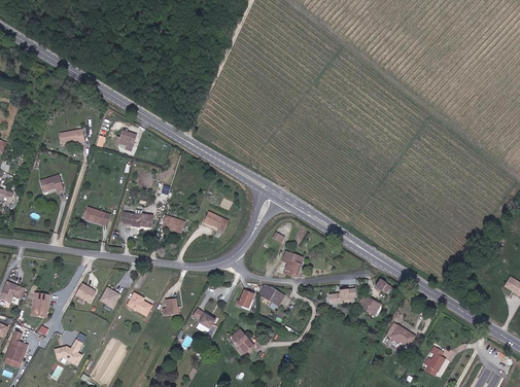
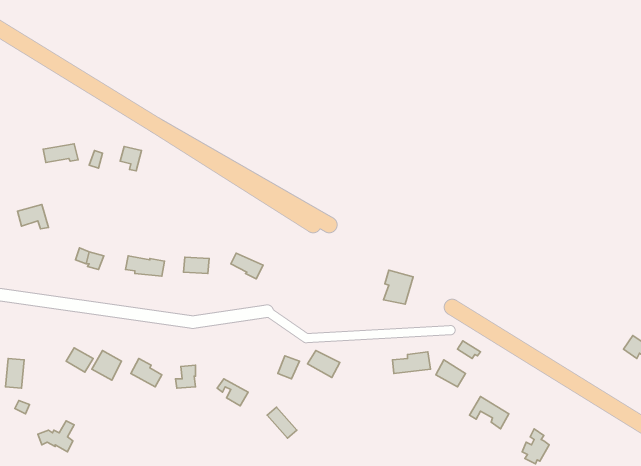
building: [282,251,305,277] -> [383,270,413,304]

